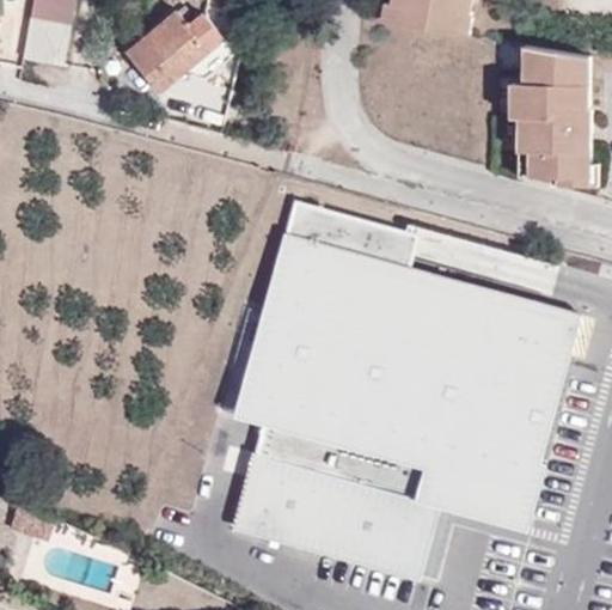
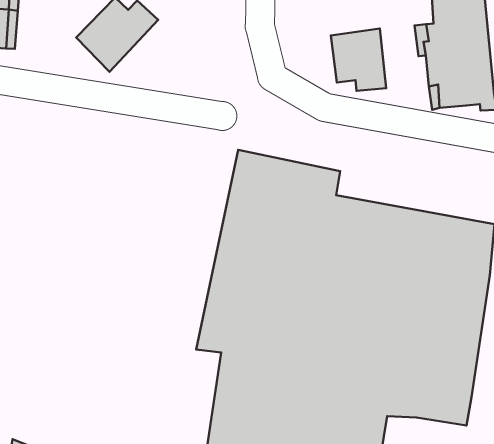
building: none -> [331,29,386,91]

